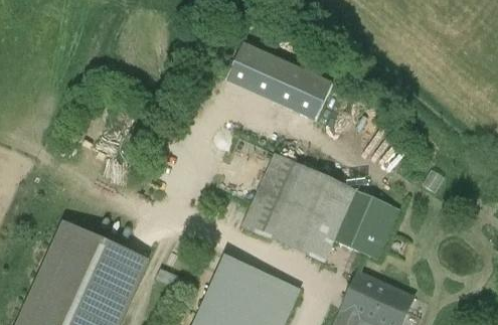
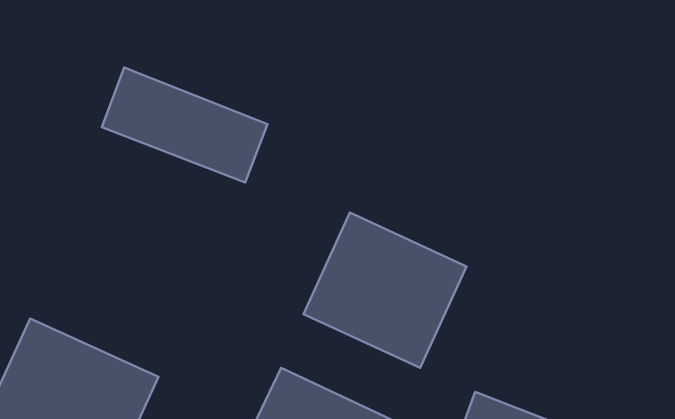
building: [218,44,330,122] -> [102,67,268,182]
building: [342,195,398,260] -> none

